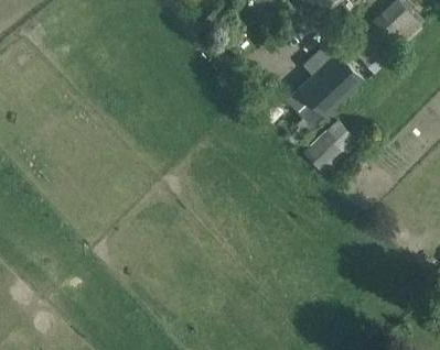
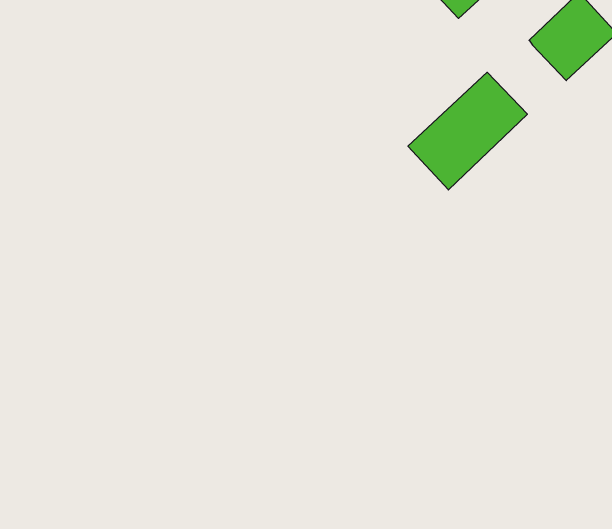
building: [302,120,359,171] -> none

